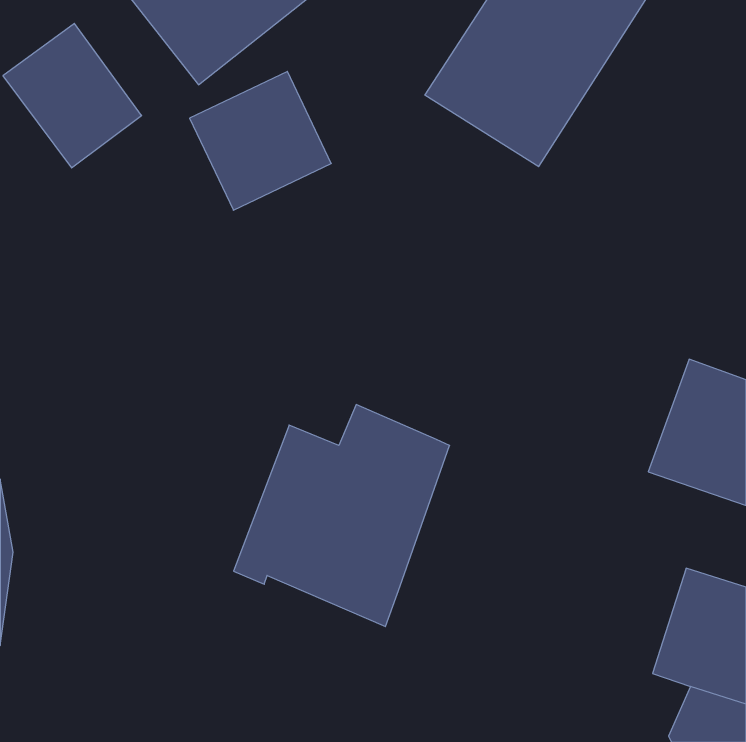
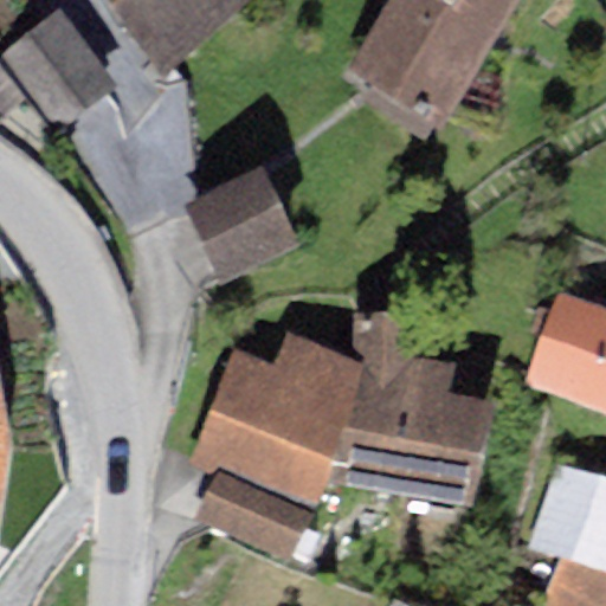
building: [190,71,331,210] -> [183,166,298,278]
building: none -> [324,309,494,503]
building: none -> [194,466,312,557]

